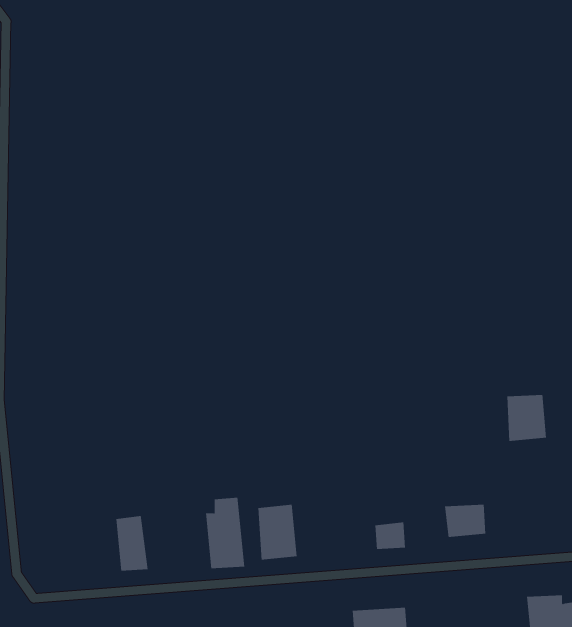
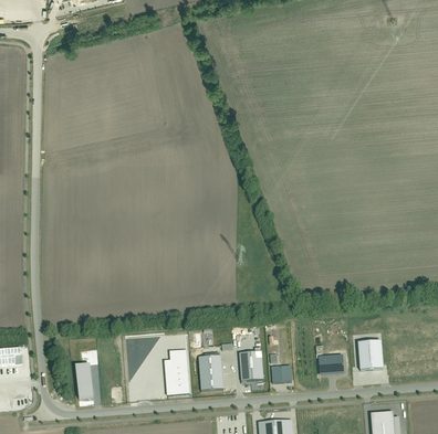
building: [507,394,547,441] -> [357,337,383,367]
building: none -> [240,348,263,377]
building: [115,515,149,571] -> [73,360,94,395]

